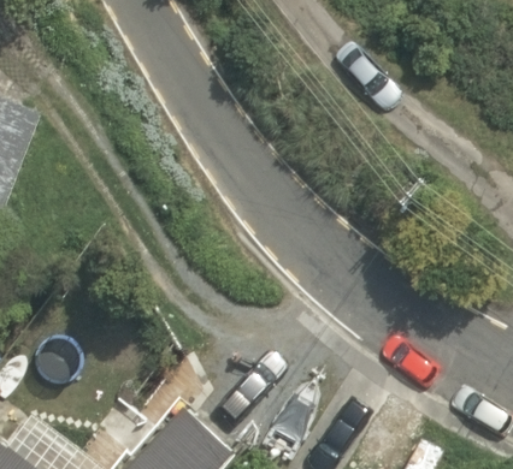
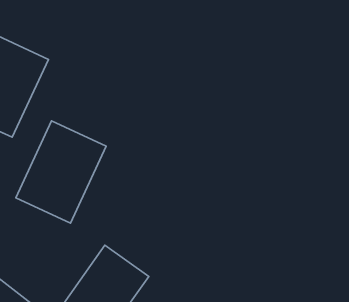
building: none -> [16,121,106,223]

